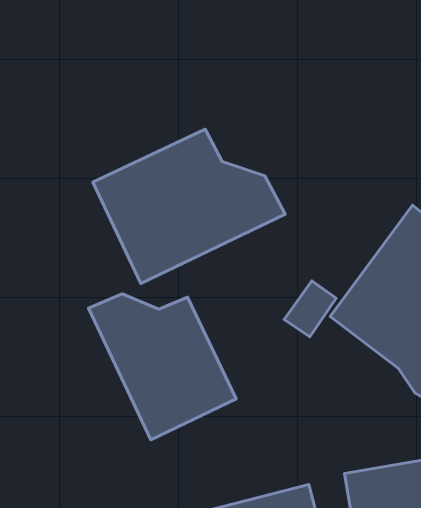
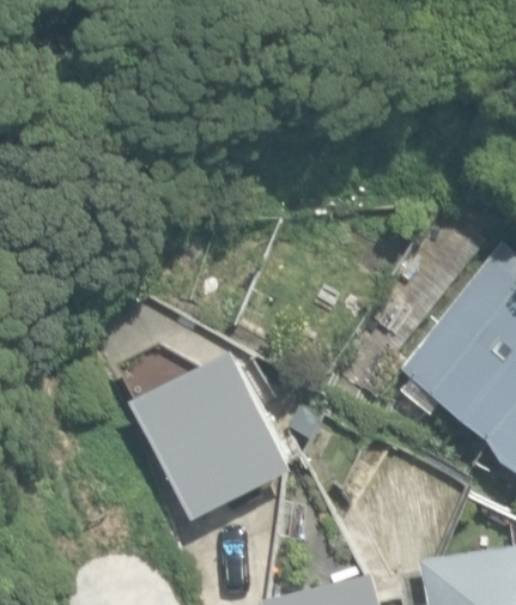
building: [93,129,285,283] -> none

